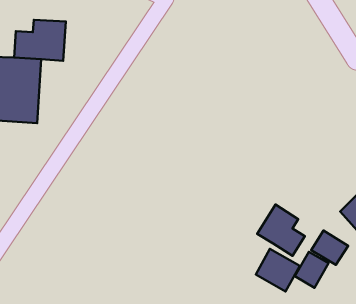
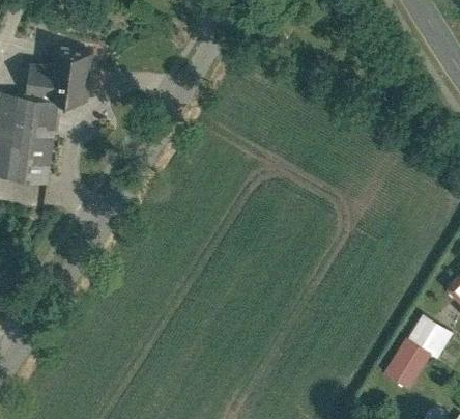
building: [257,205,305,256] -> none
building: [256,249,300,291] -> none

